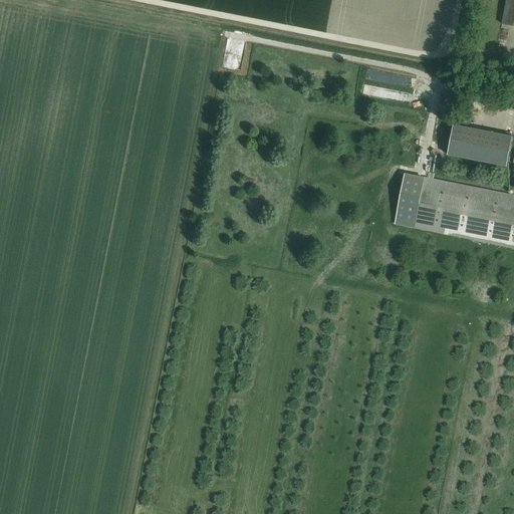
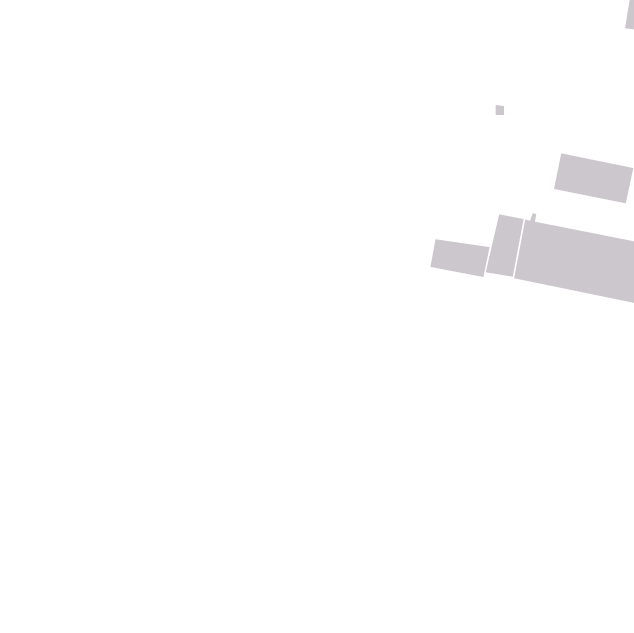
building: none -> [430,239,490,278]

